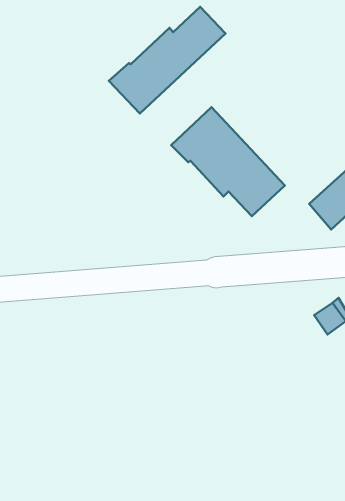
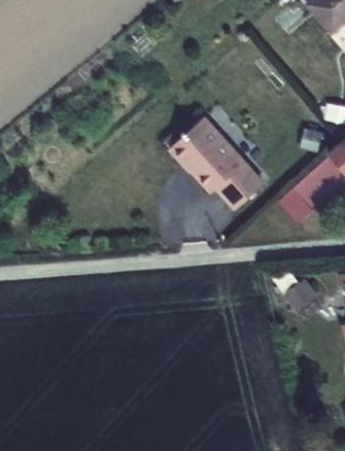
building: [109,7,225,114] -> none

